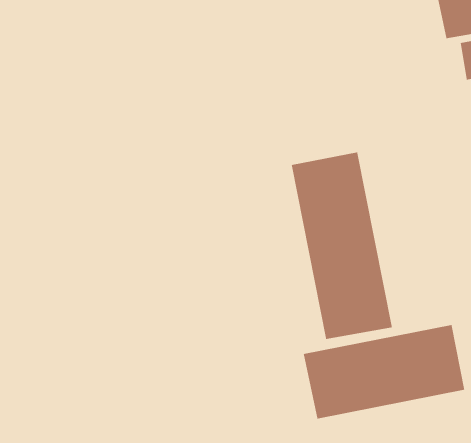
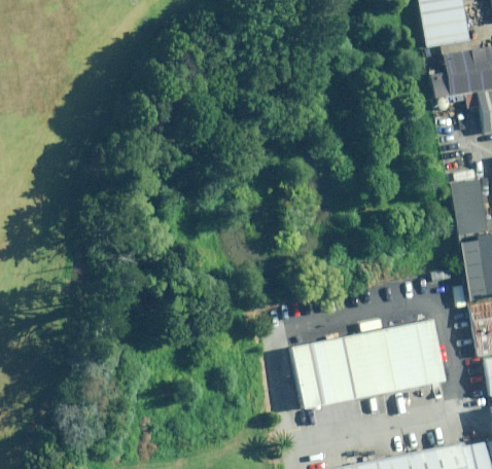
building: [291,151,393,340] -> none

